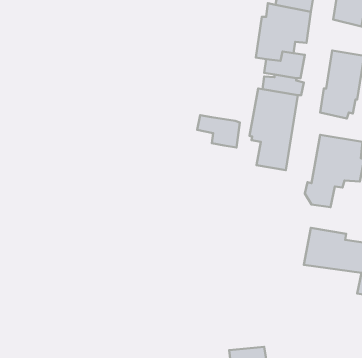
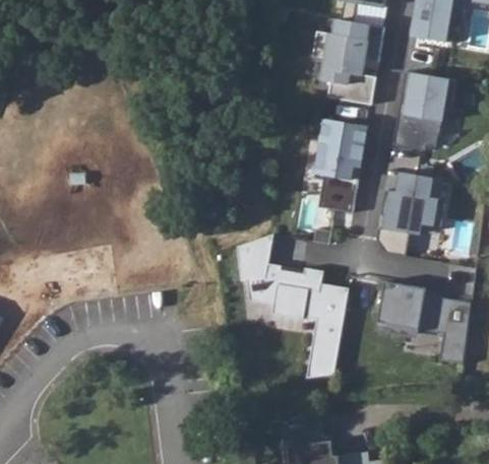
building: [197,115,240,147] -> none
building: none -> [239,236,351,383]

